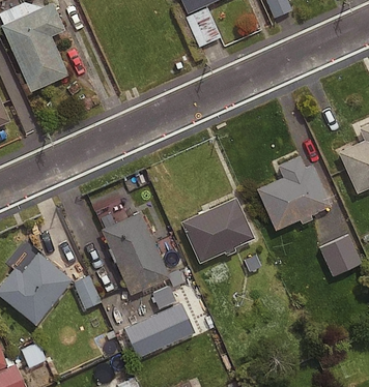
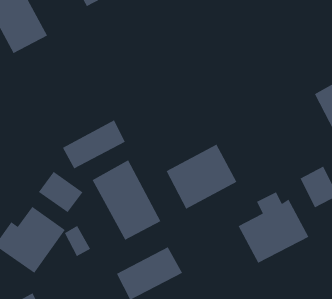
building: [257,157,331,231] -> [237,191,309,264]
building: none -> [62,119,126,169]
building: none -> [38,171,83,213]

